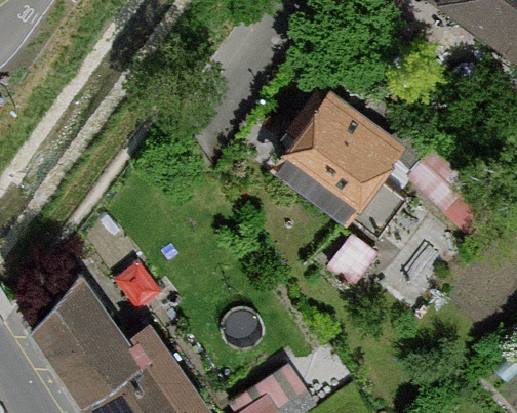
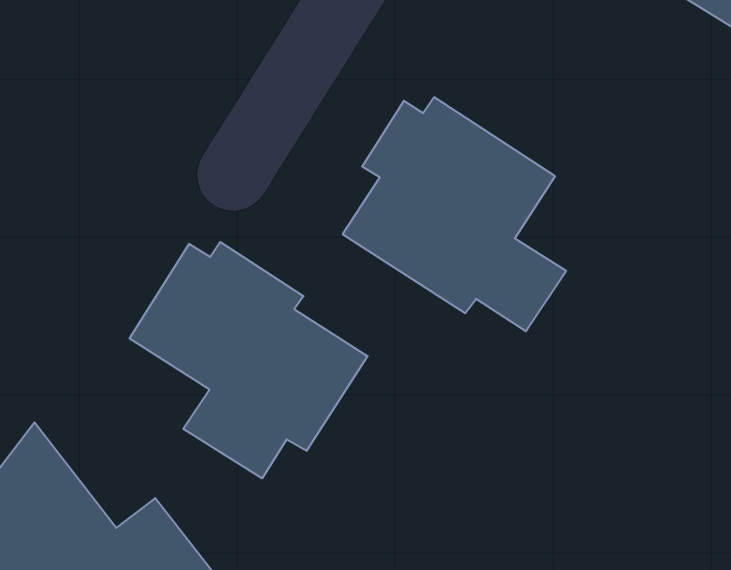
building: none -> [130,242,368,478]

